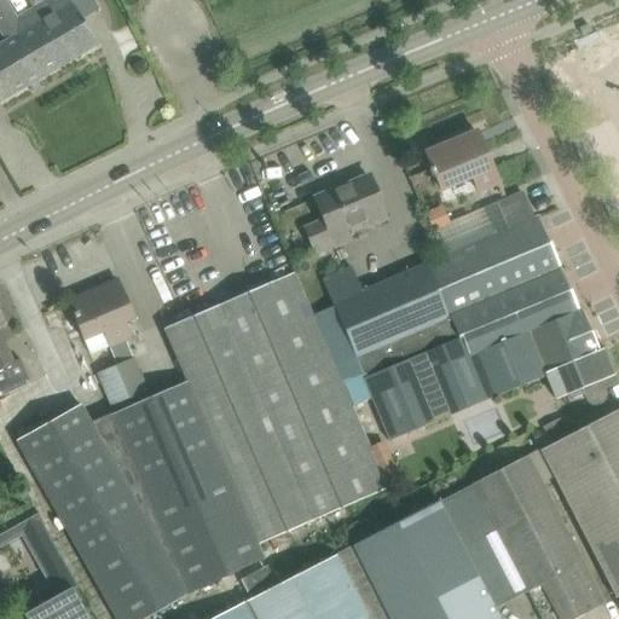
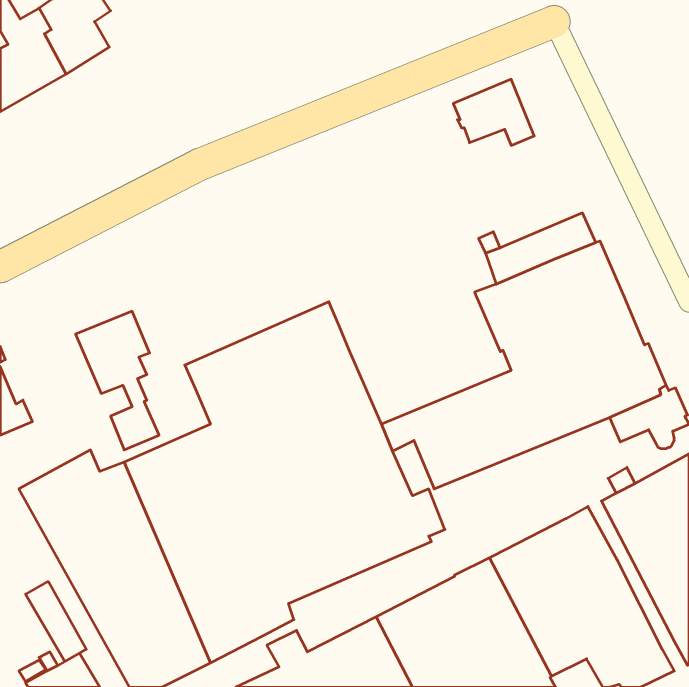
building: [426,131,498,190] -> [453,79,534,145]
building: [305,175,387,253] -> none
building: [313,262,458,381] -> none

